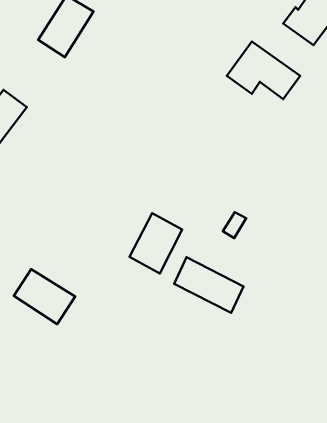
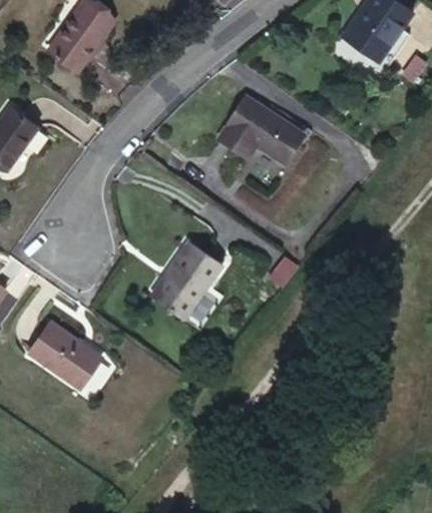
building: [227,41,300,99] -> [212,92,298,159]
building: [174,257,244,313] -> none

